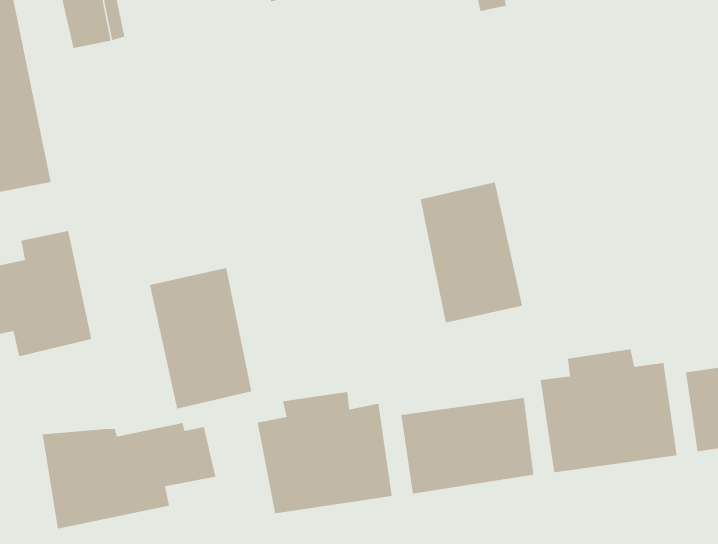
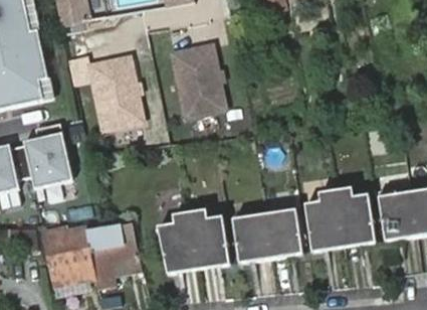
building: [420,182,523,323] -> [173,45,226,119]
building: [149,268,252,409] -> [89,57,143,131]

